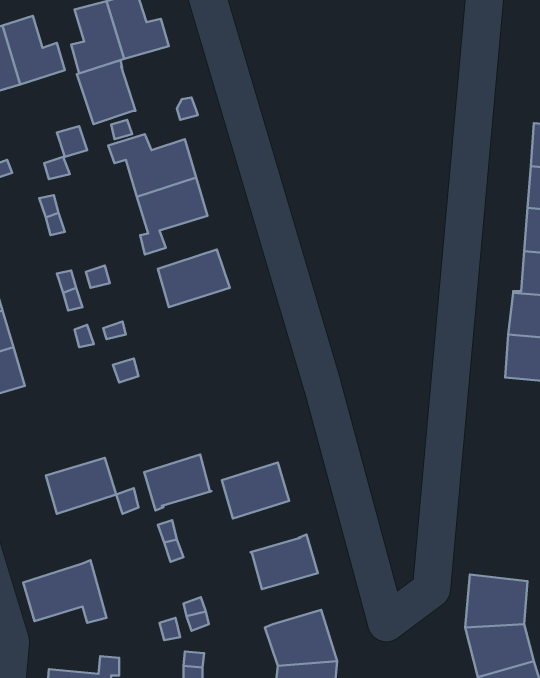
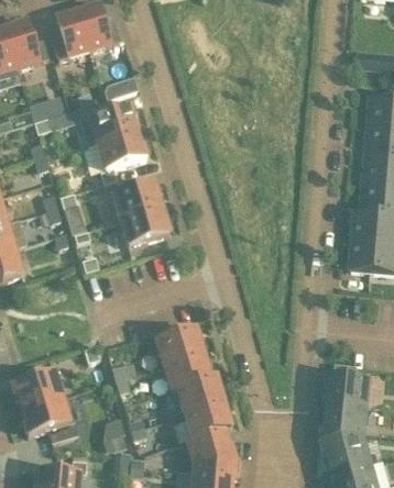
building: [77,60,136,124] -> none
building: none -> [119,207,168,245]
building: [144,454,211,510] -> [163,353,209,391]
building: [46,458,116,514] -> [11,370,59,409]
building: none -> [326,363,369,408]
building: none -> [183,402,229,437]

